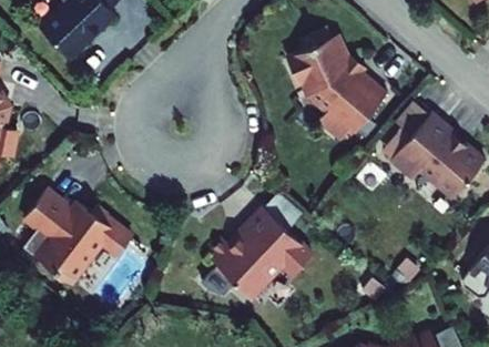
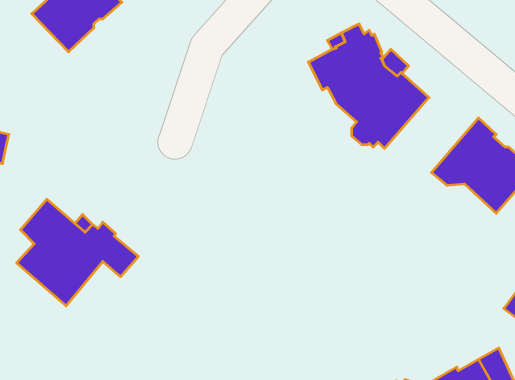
building: [213,207,316,294] -> none

